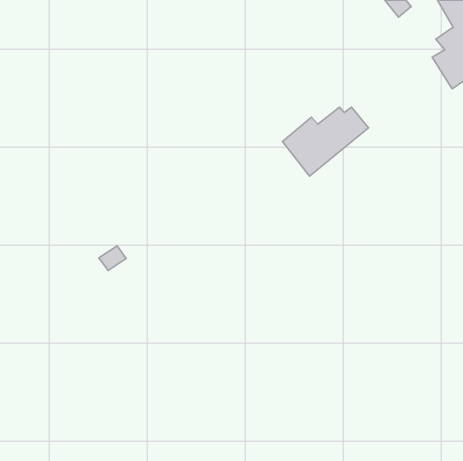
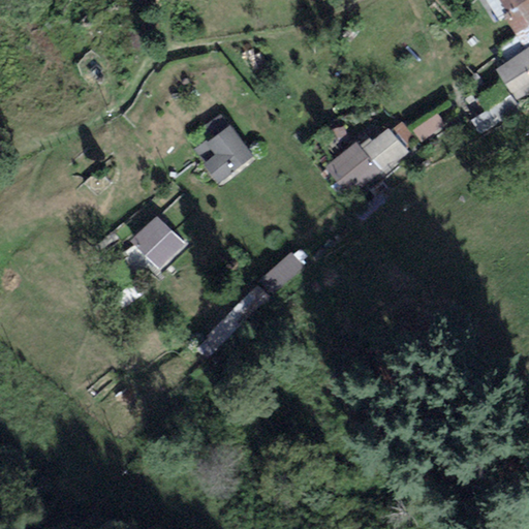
building: none -> [195,121,254,182]
building: none -> [131,214,186,270]

